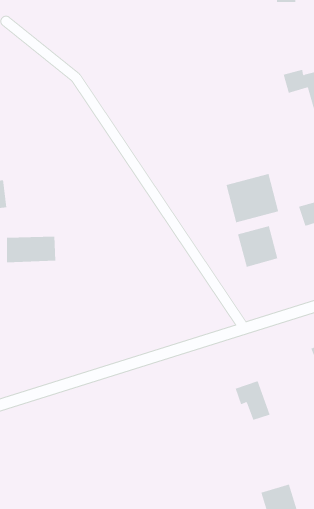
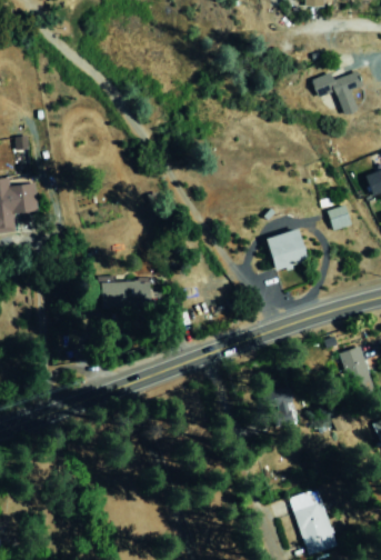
building: [226,173,279,223] -> none
building: [6,236,56,263] -> [102,281,152,308]

